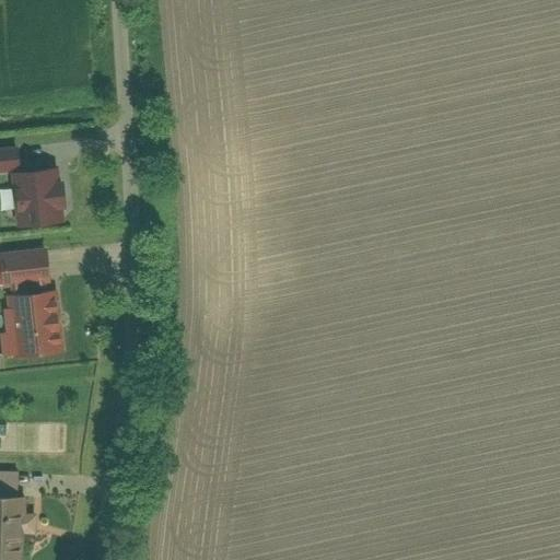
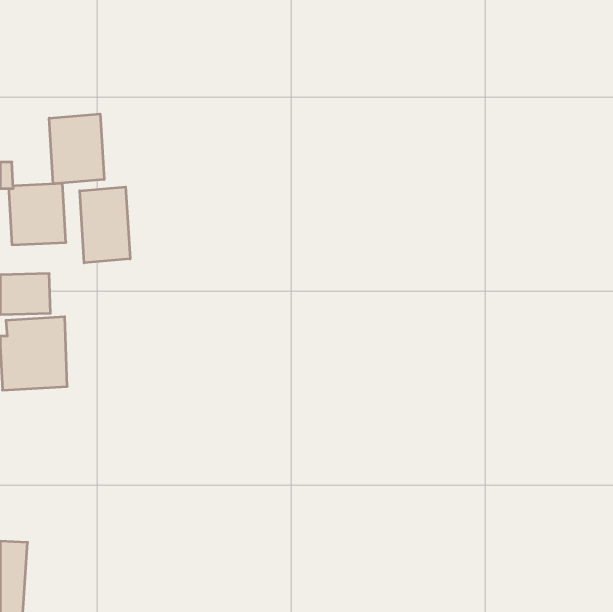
building: none -> [49,114,104,184]
building: none -> [80,187,130,263]

